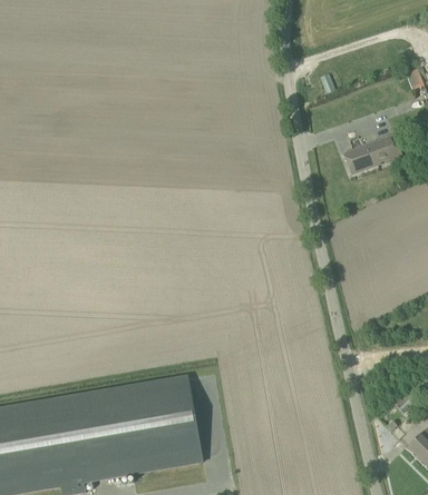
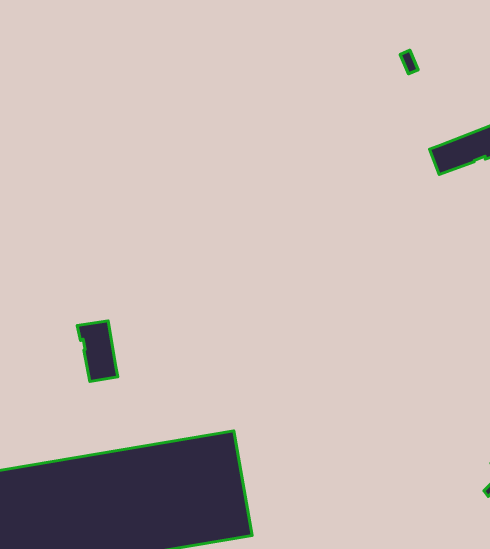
building: none -> [77,321,118,382]

